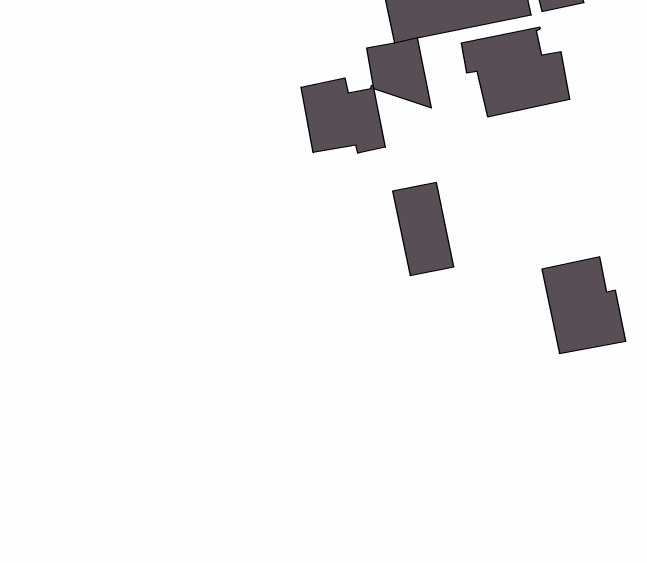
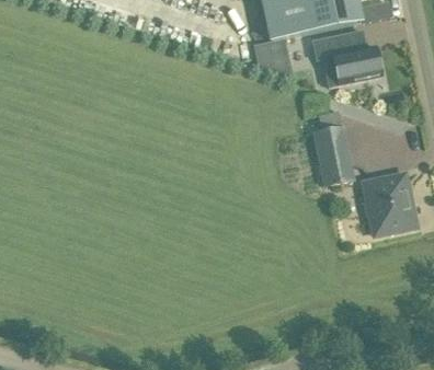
building: [301,78,385,153] -> none
building: [393,183,454,275] -> [313,128,352,186]

